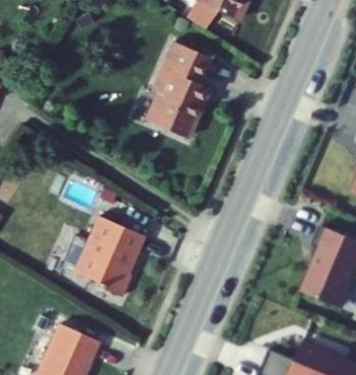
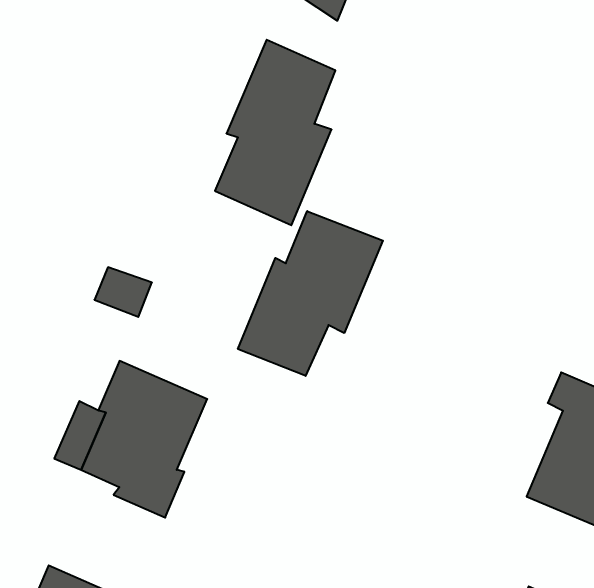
building: none -> [238,211,383,376]

